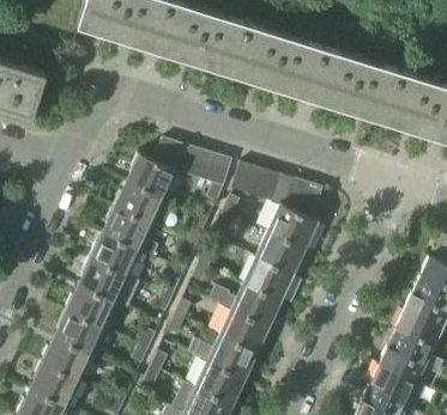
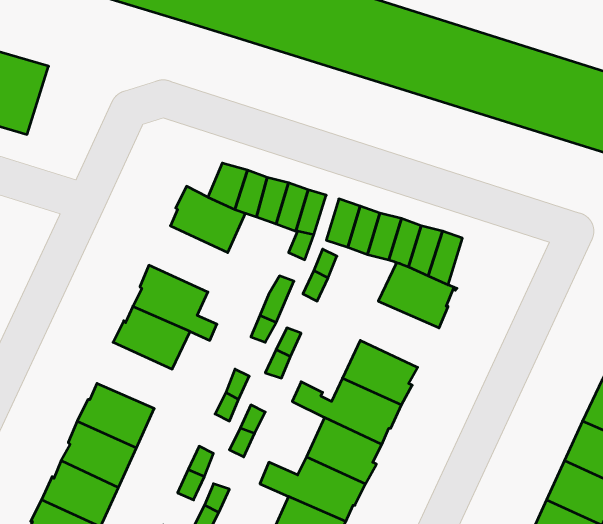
building: [111,182,164,226] -> none
building: [253,232,306,276] -> none
building: [77,260,139,310] -> none

